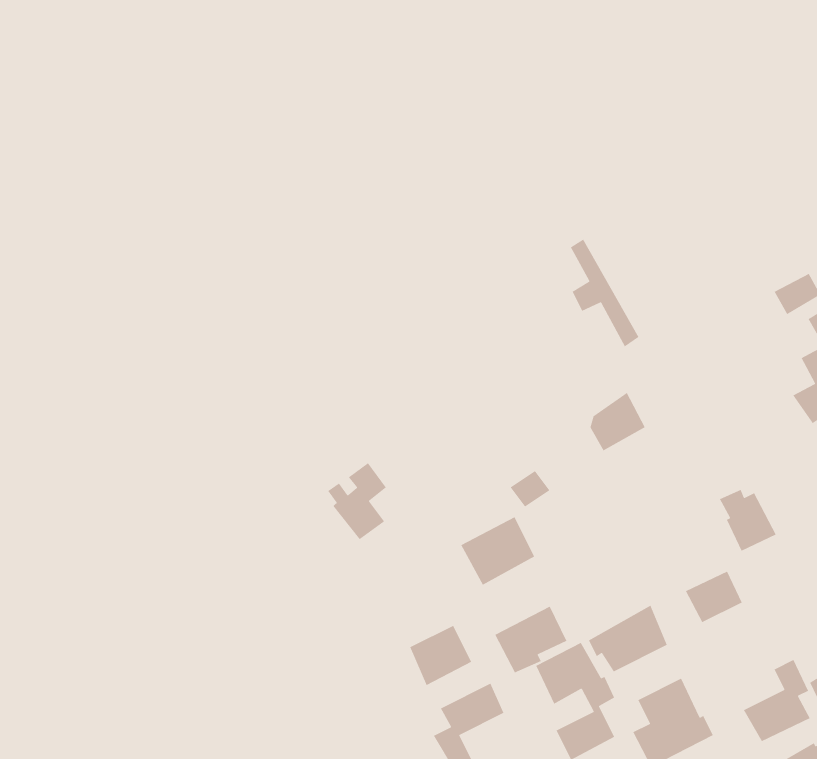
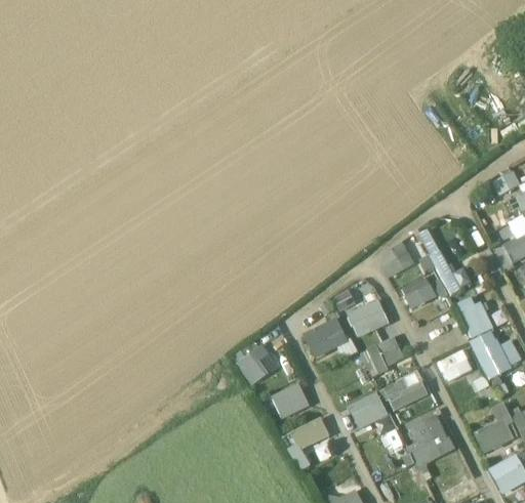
building: [570,239,640,347] -> [418,228,460,294]
building: none -> [402,277,437,309]
building: [327,462,387,540] -> [233,337,269,384]
building: none -> [348,299,389,337]
building: none -> [470,331,512,379]
building: [494,605,567,673] -> [360,336,404,377]

